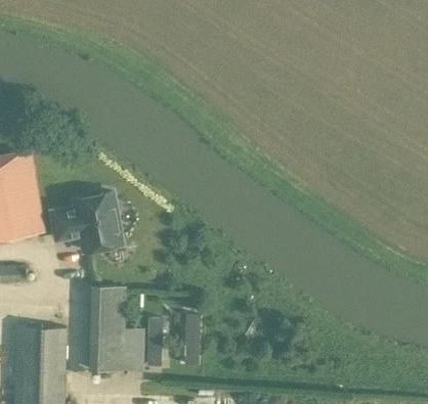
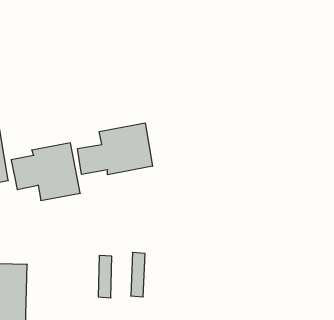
building: none -> [78,123,153,175]
building: [88,287,143,372] -> none

